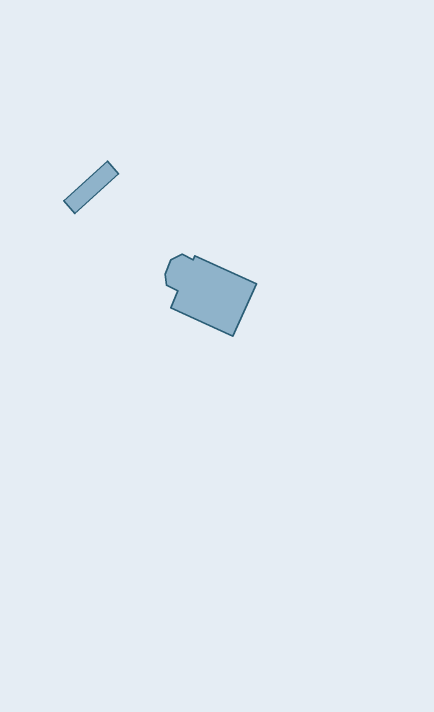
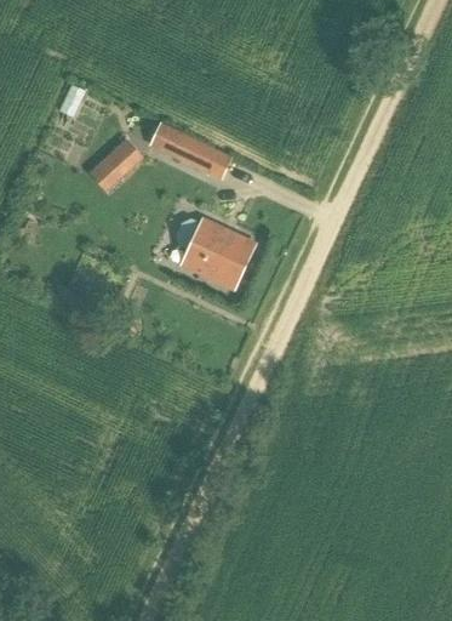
building: none -> [148,124,234,183]

